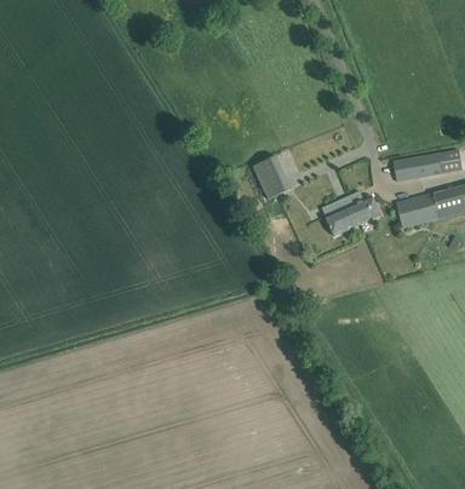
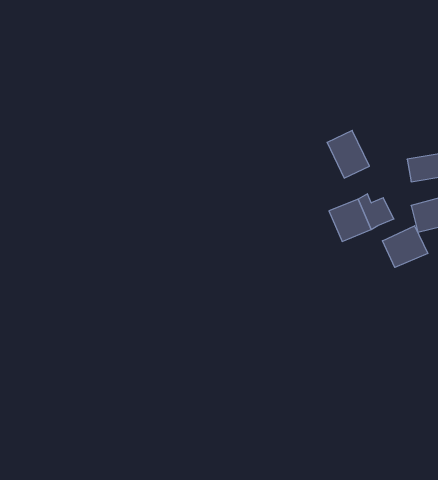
building: [252,154,291,197] -> [327,130,369,178]
building: none -> [382,226,428,267]

